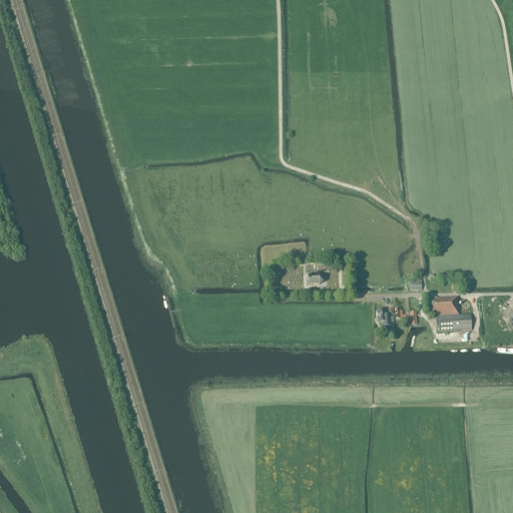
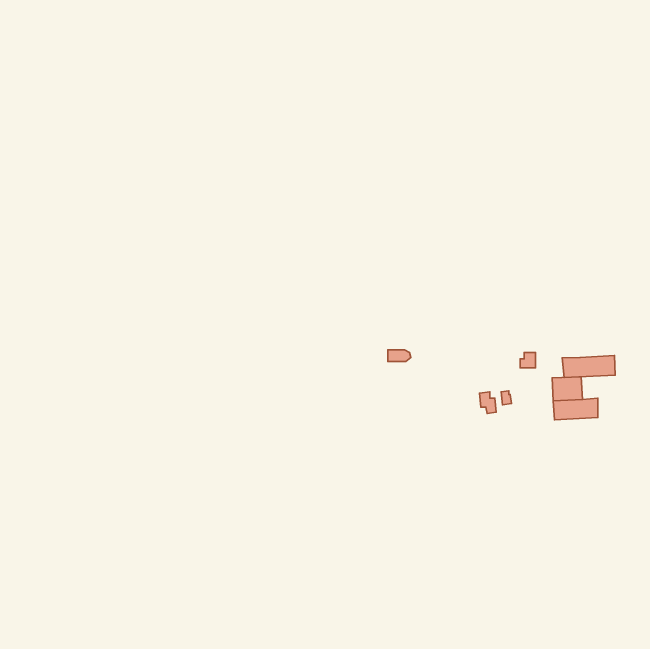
building: none -> [562,355,615,377]

